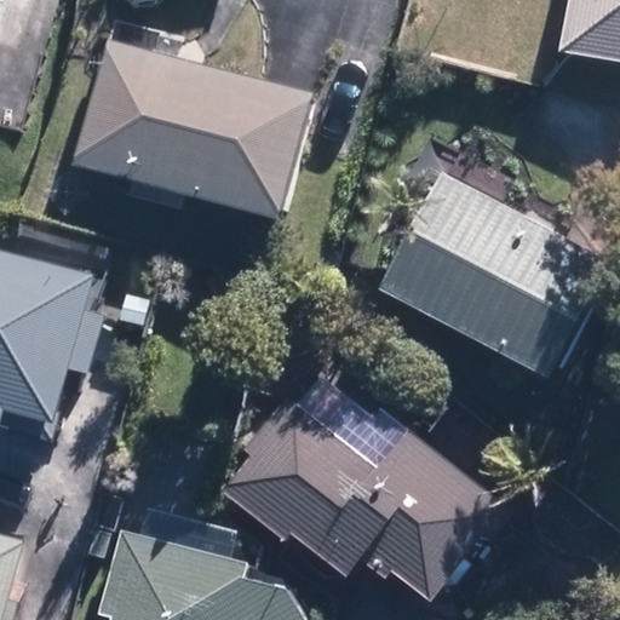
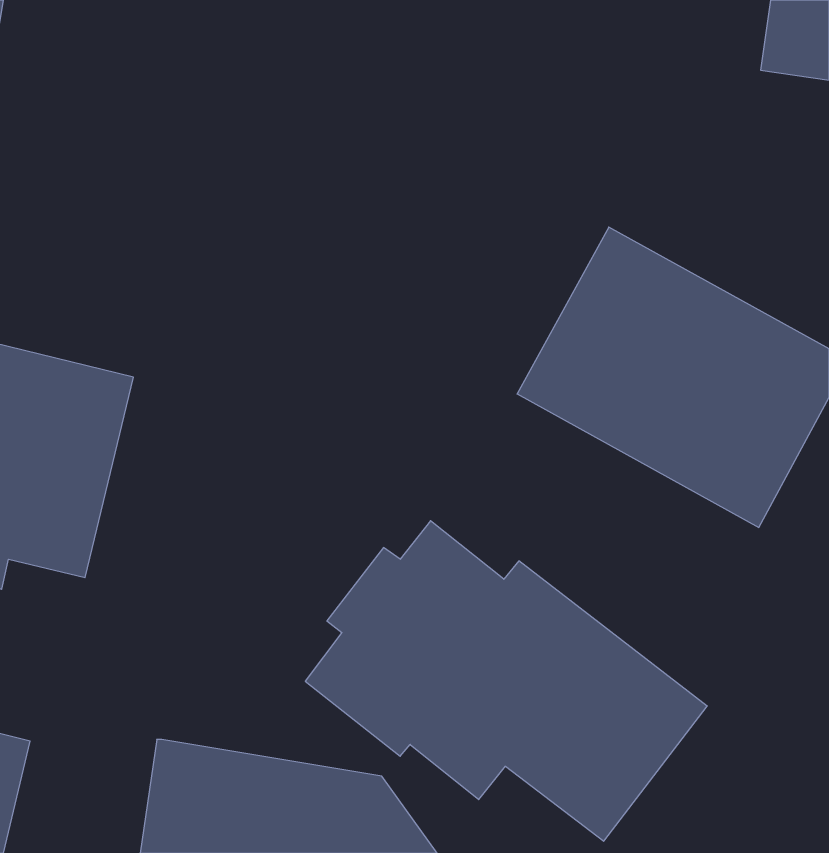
building: [63,41,312,223] -> none

